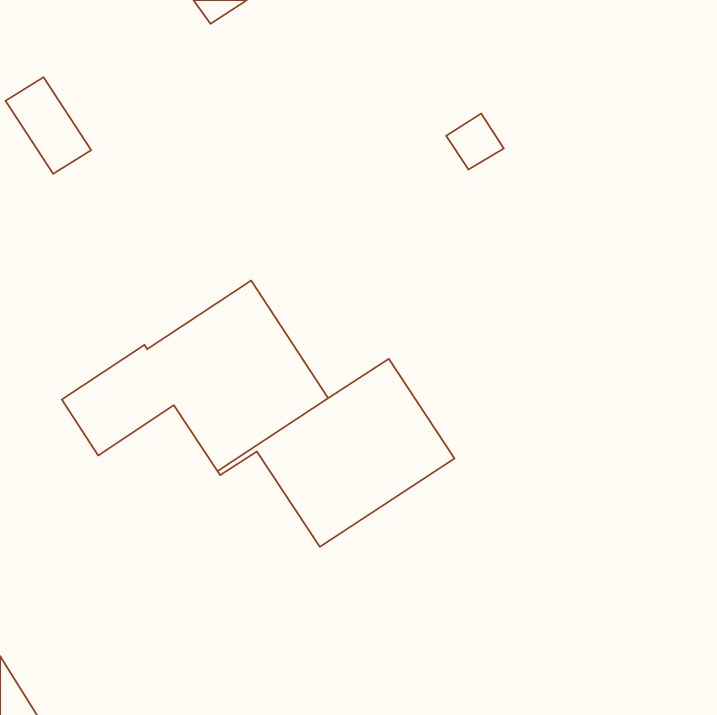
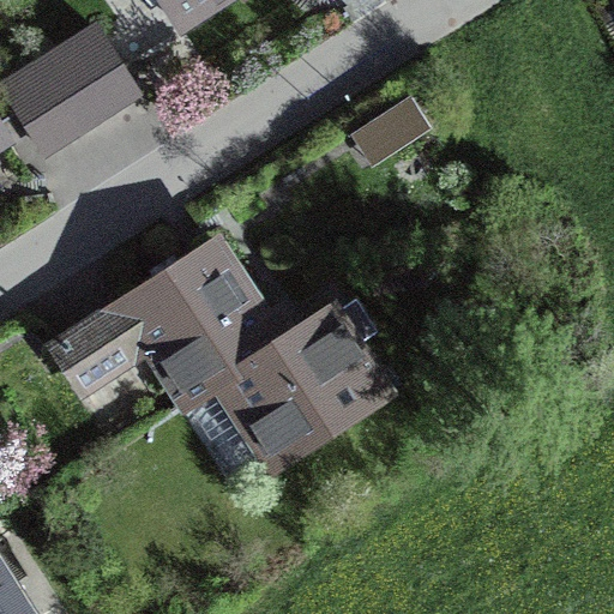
building: none -> [37,29,138,130]

